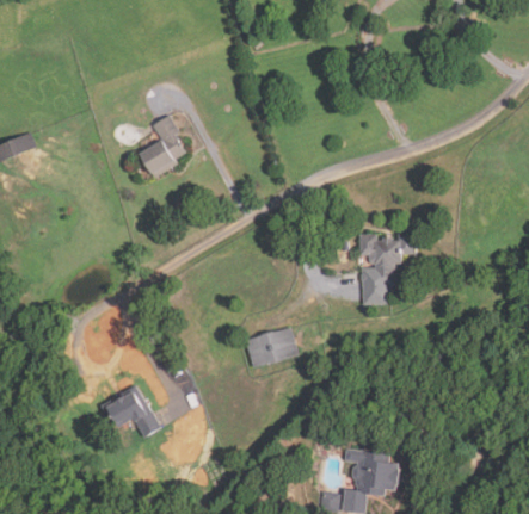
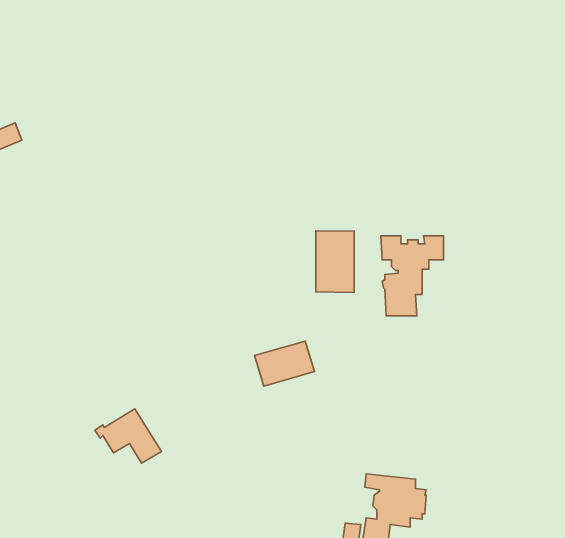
building: [139,114,184,178] -> none
building: none -> [316,231,354,292]

